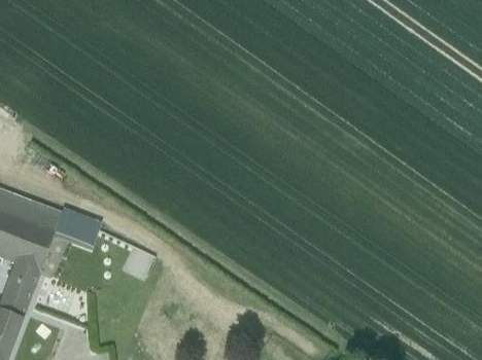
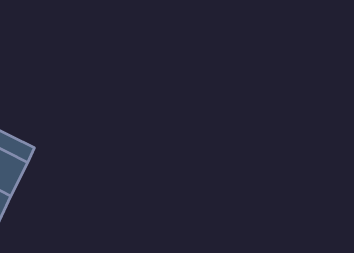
building: [54,215,98,247] -> none

